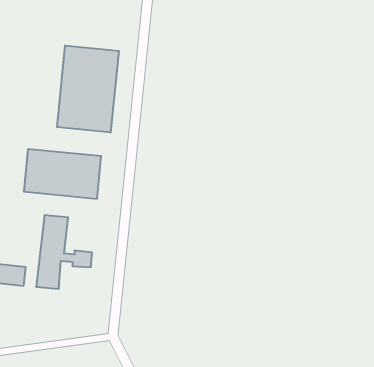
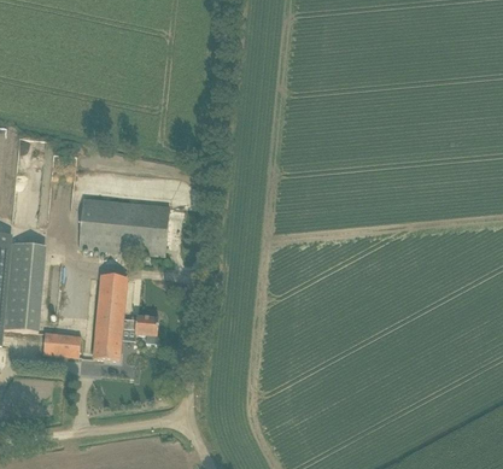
building: [57,45,119,133] -> none

